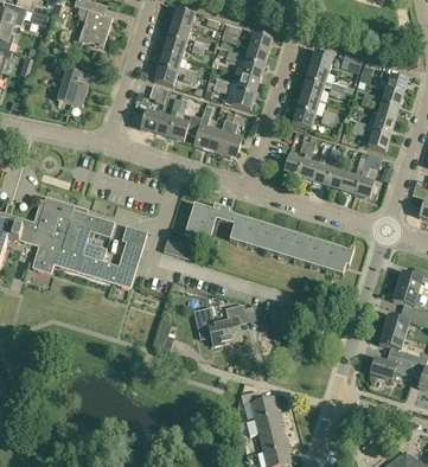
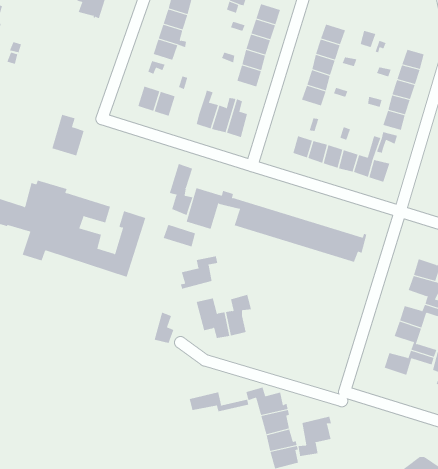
building: [57,66,88,105] -> [51,114,84,156]
building: [168,114,202,141] -> none
building: none -> [169,163,193,216]
building: none -> [180,255,218,289]
building: none -> [189,391,249,412]
building: none -> [298,416,331,457]

